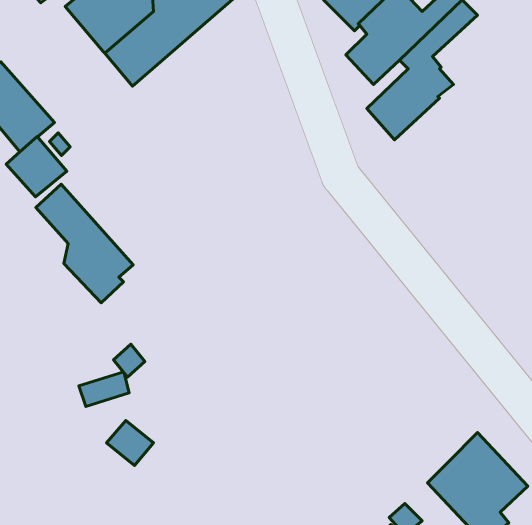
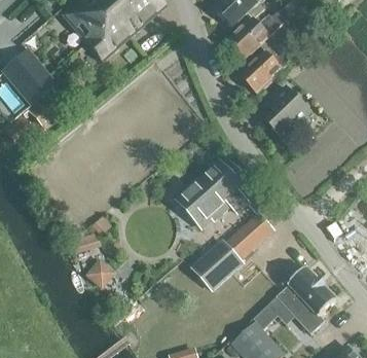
building: none -> [265,85,313,141]
building: [36,184,133,303] -> none
building: none -> [176,160,249,227]
building: none -> [191,213,272,289]

